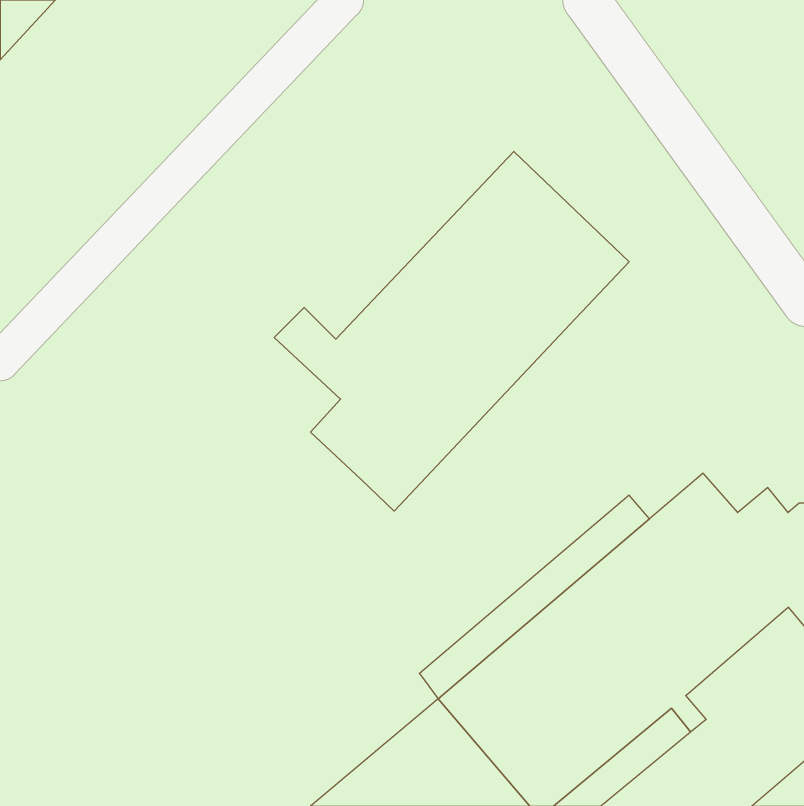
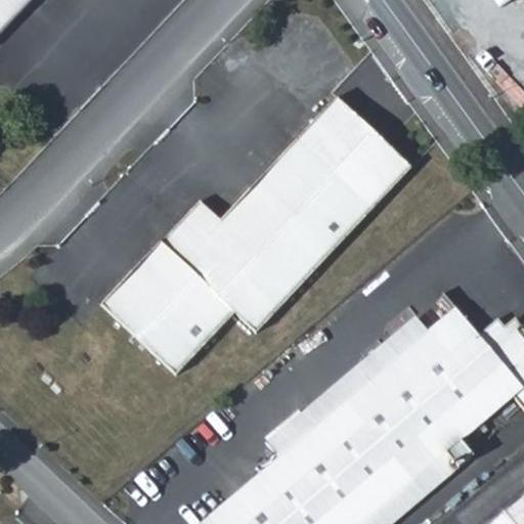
building: none -> [100,219,235,375]

